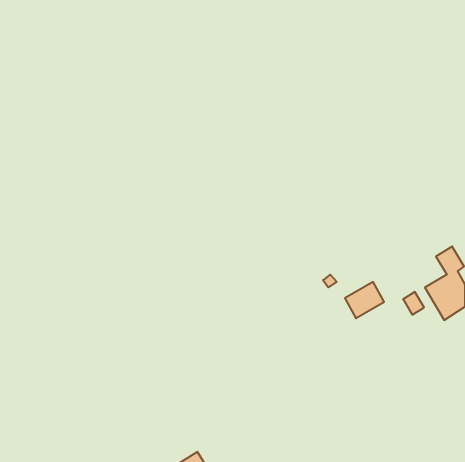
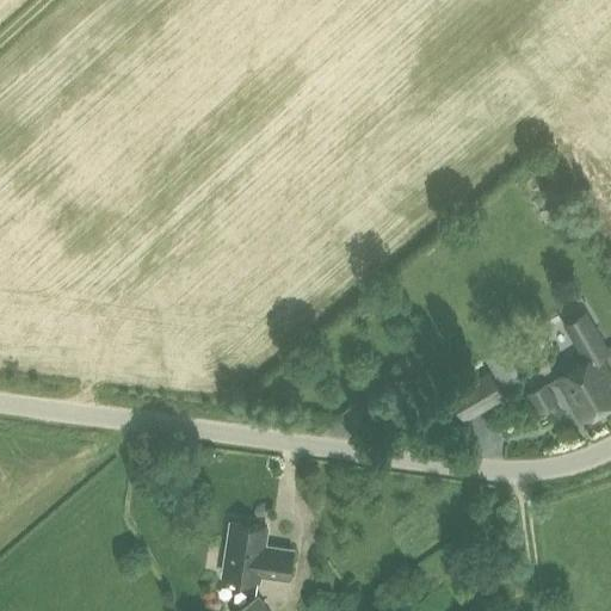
building: none -> [223,526,291,585]

